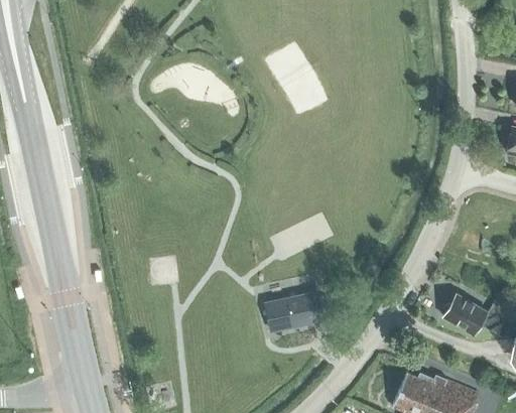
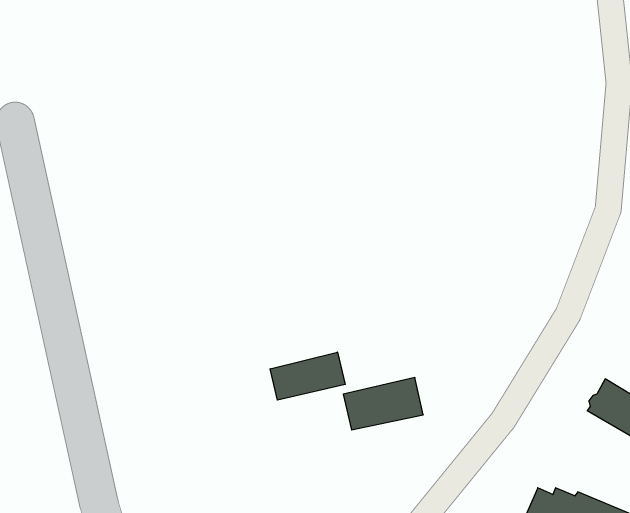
building: none -> [270,352,345,400]

